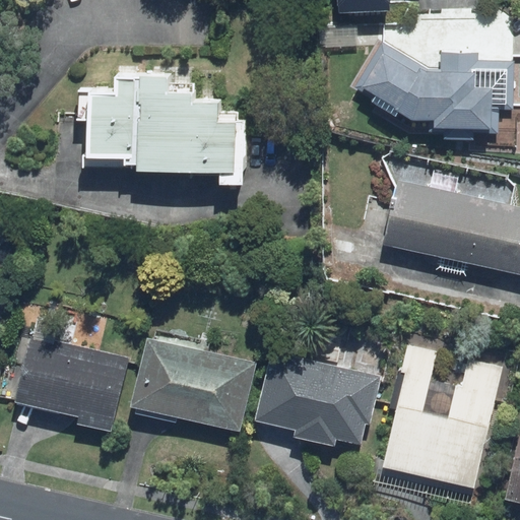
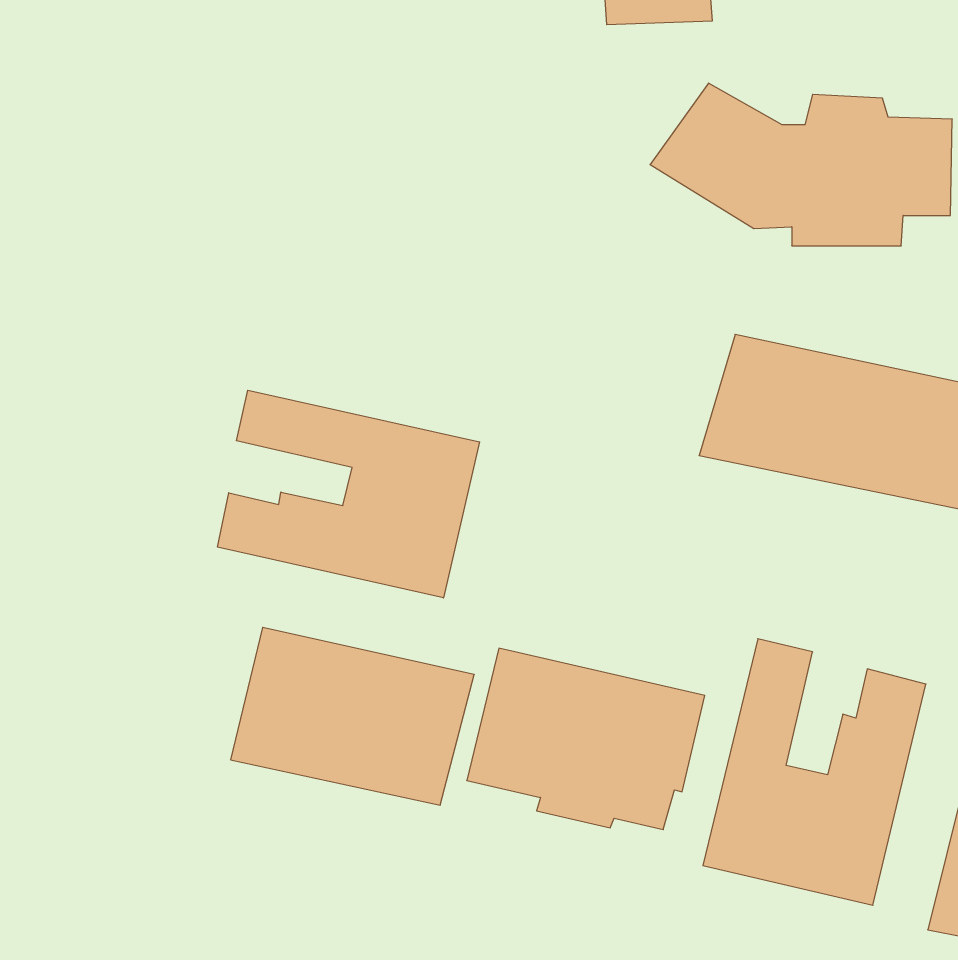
building: [82,79,231,172] -> none
building: none -> [218,390,480,598]
building: [15,334,133,431] -> none

